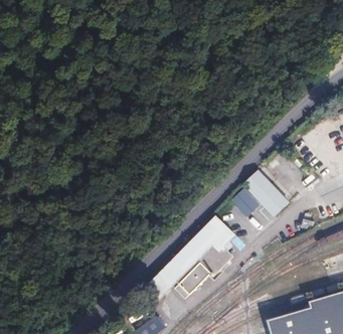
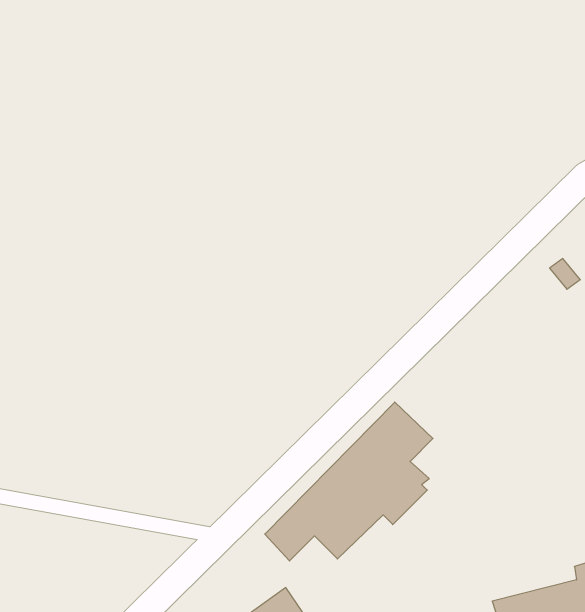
building: [228,167,291,215] -> none

